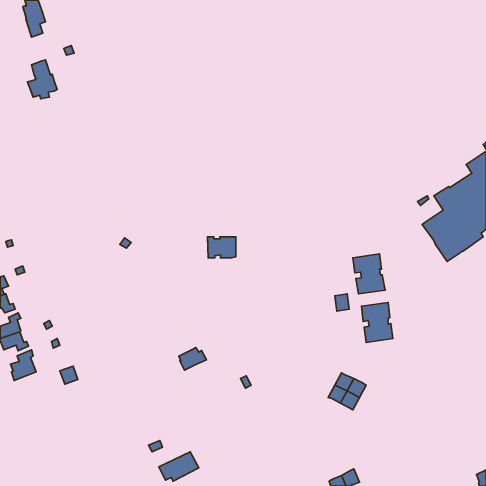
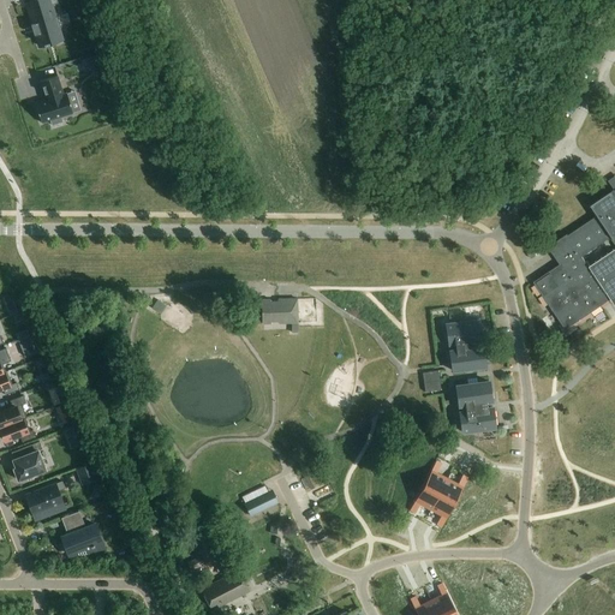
building: [179,347,206,370] -> [243,488,277,517]
building: none -> [26,482,65,515]
building: none -> [61,519,101,553]

